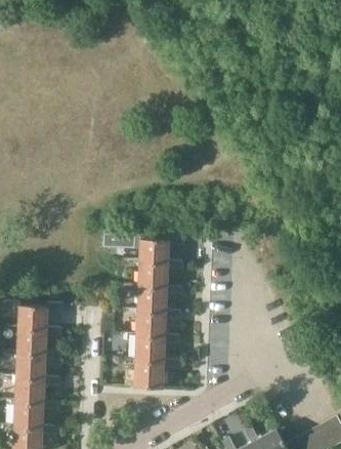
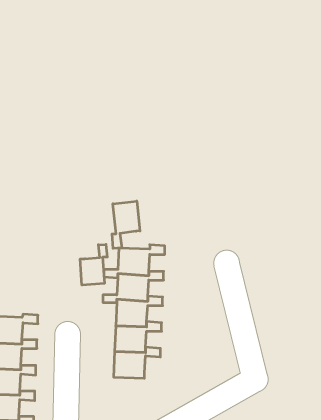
building: none -> [112,201,140,248]
building: none -> [80,244,107,285]
building: [134,359,179,390] -> none

